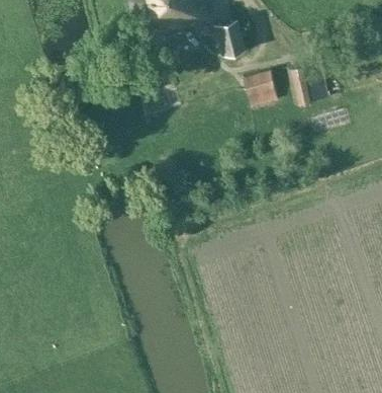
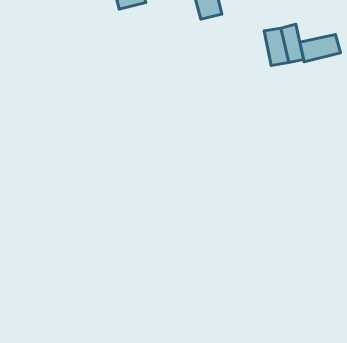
building: [245,68,279,104] -> none
building: none -> [300,34,340,62]

